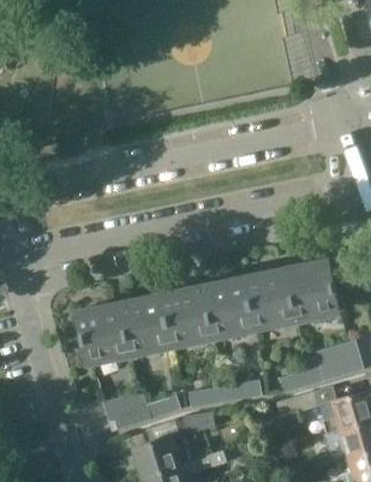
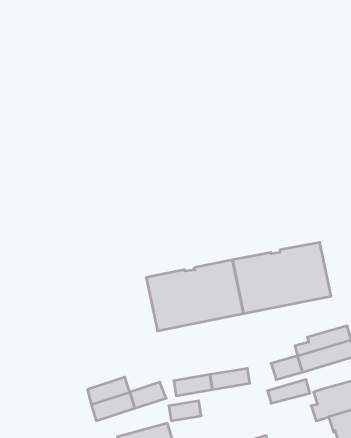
building: [76,294,170,363] -> none

